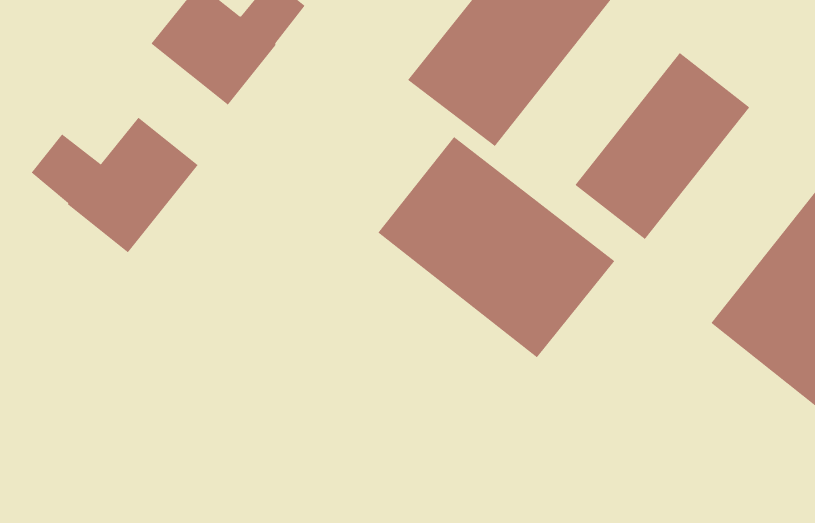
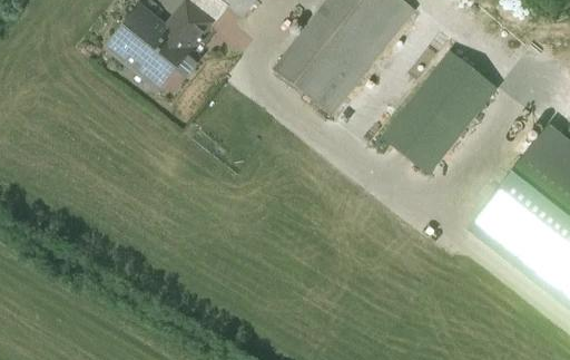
building: [31,117,198,253] -> none
building: [378,136,615,358] -> none

